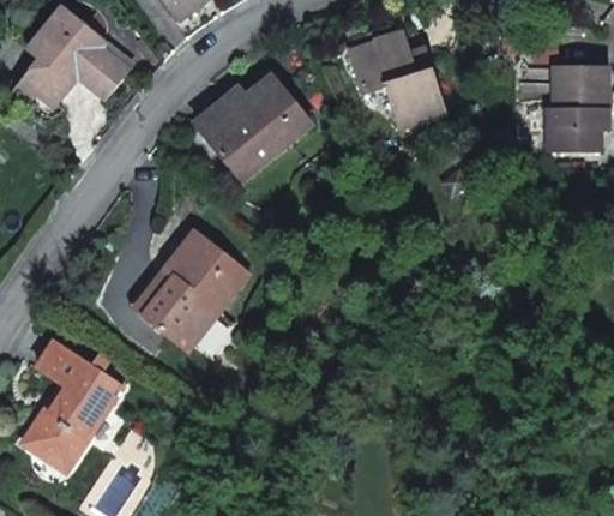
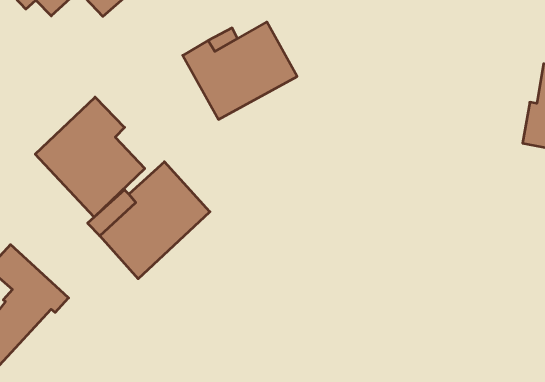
building: [351,36,444,128] -> none
building: none -> [35,97,145,217]

